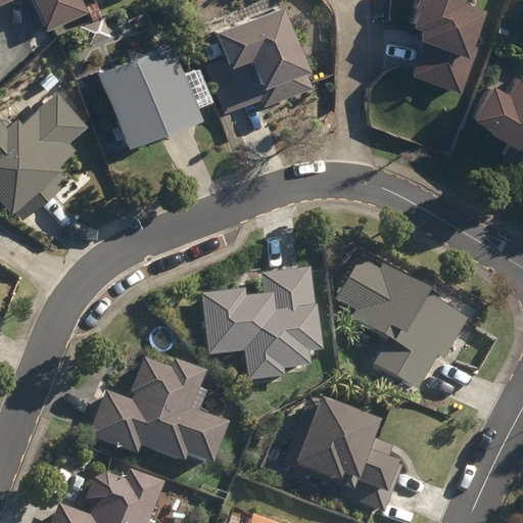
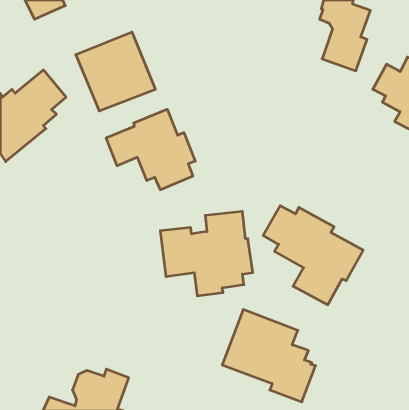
building: [207,6,312,111] -> none
building: none -> [106,109,195,190]
building: [95,358,230,461] -> none

